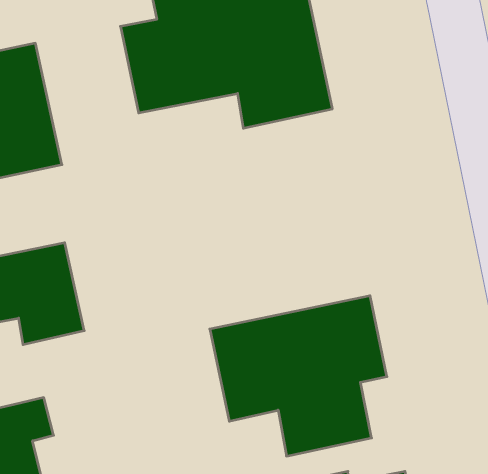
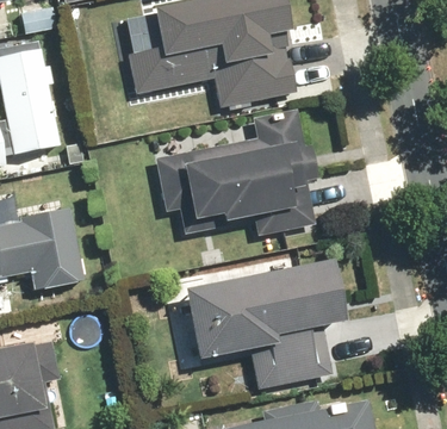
building: none -> [156,111,318,235]

